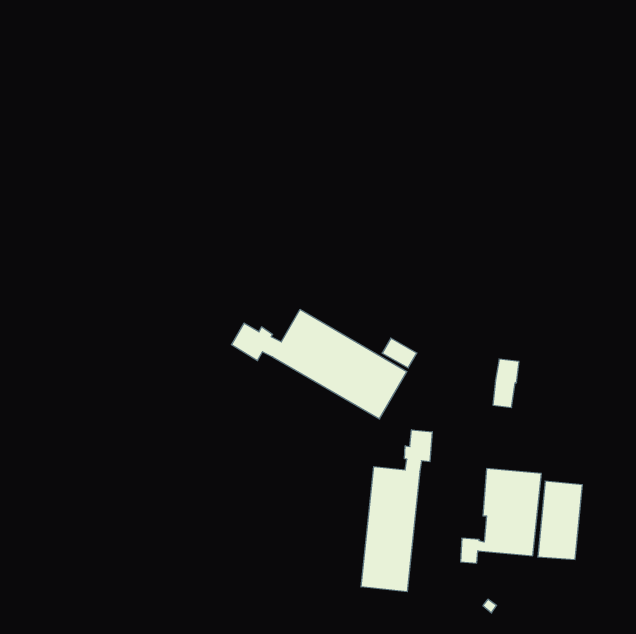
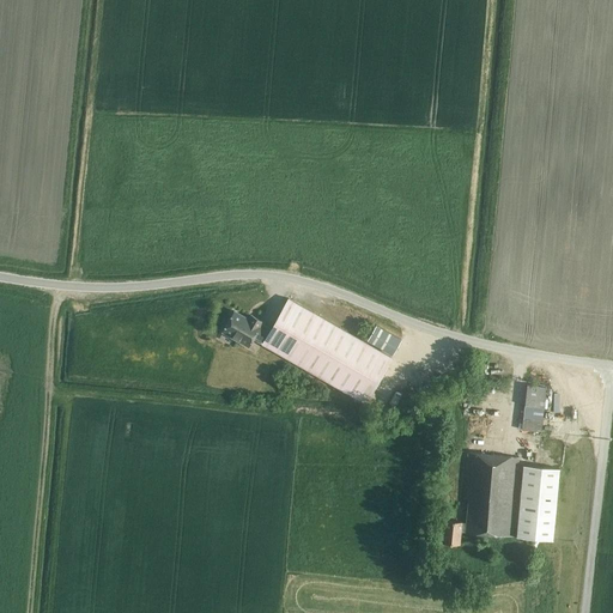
building: [493,359,519,408] -> [522,386,547,432]
building: [361,430,432,592] -> none

